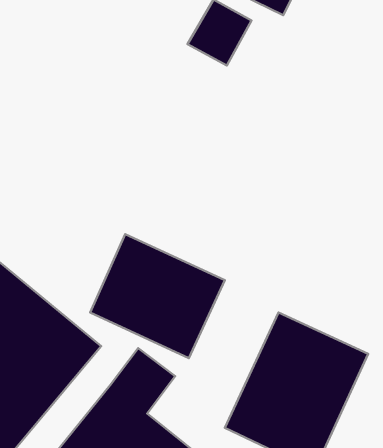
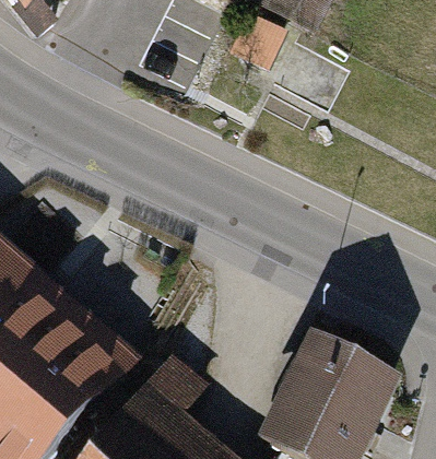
building: [90,234,225,358] -> none

